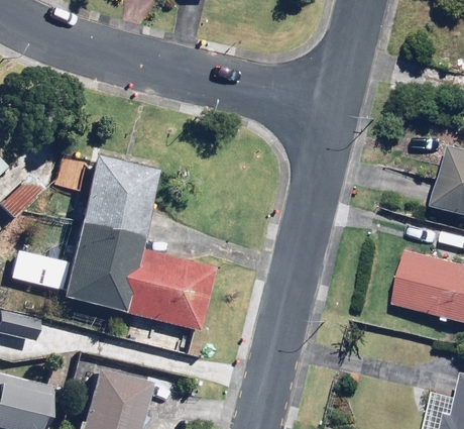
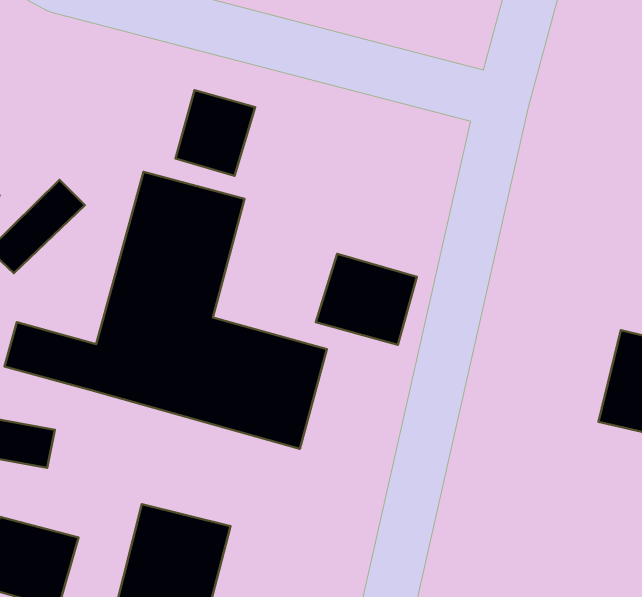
building: none -> [175,90,255,176]
building: none -> [316,254,417,345]

